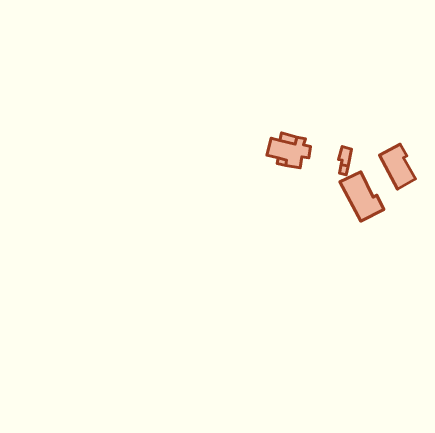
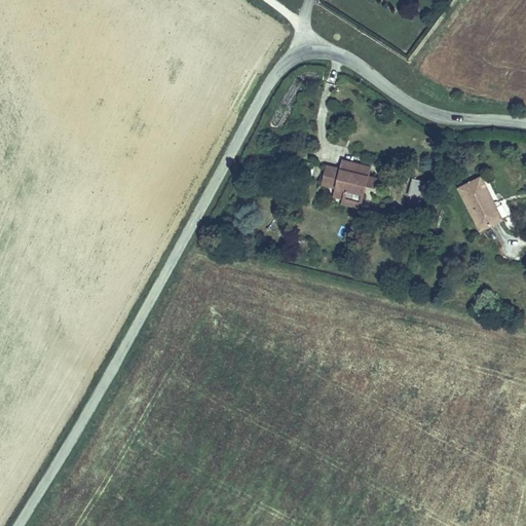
building: [340,172,384,221] -> none

